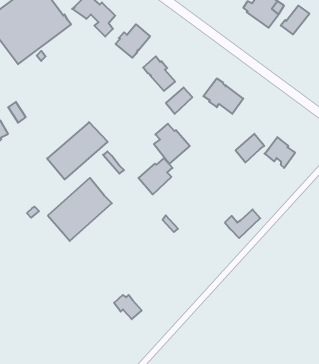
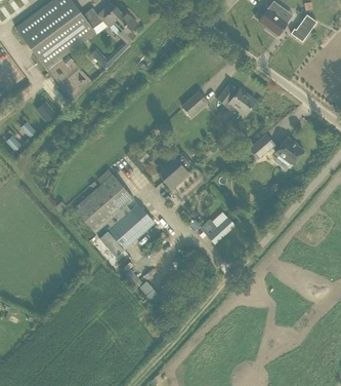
building: [116,24,150,58] -> none
building: [143,56,175,91] -> none
building: [47,122,108,179] -> [98,203,155,257]
building: [154,124,190,164] -> none
building: [225,209,260,238] -> [202,217,235,243]

